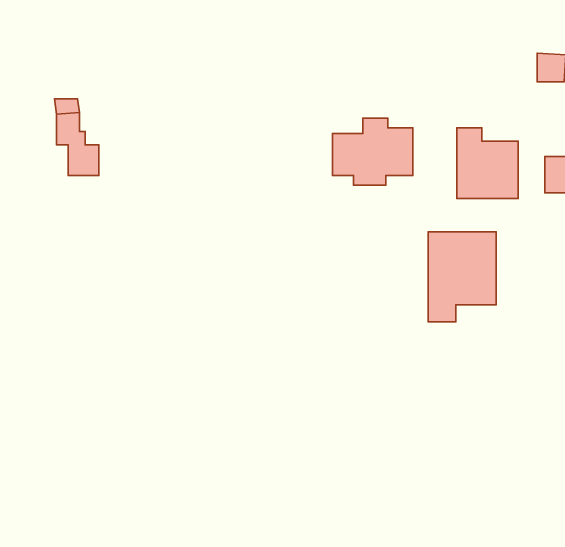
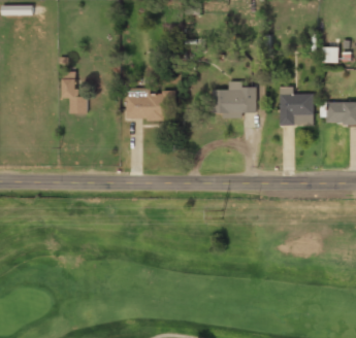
building: none -> [127,88,175,120]
building: [428,232,496,322] -> none

